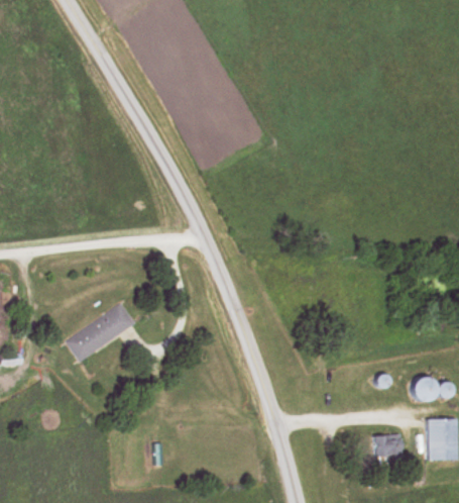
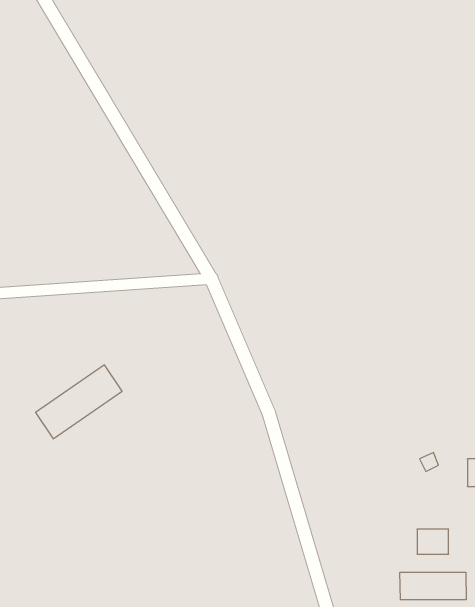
building: none -> [400,572,466,600]

